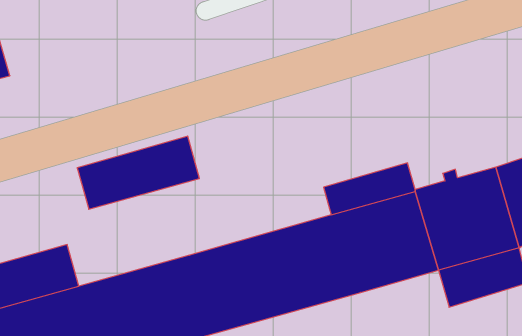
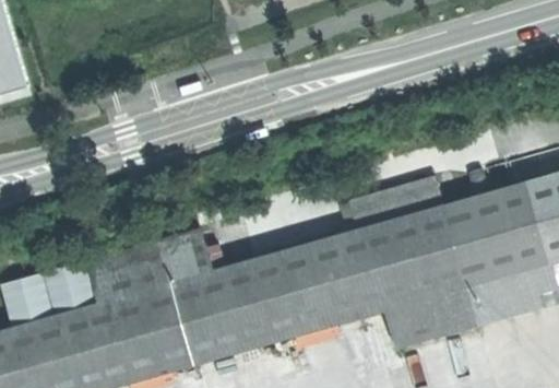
building: [77,136,199,209] -> [86,228,212,304]
building: none -> [388,287,478,348]

